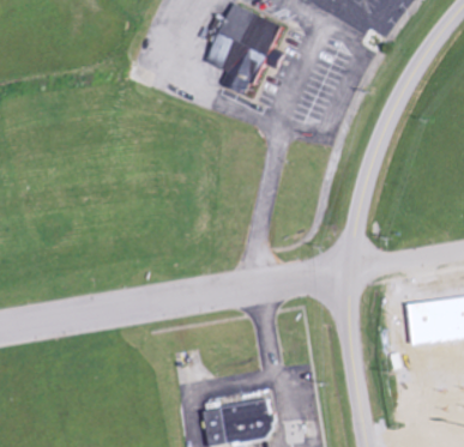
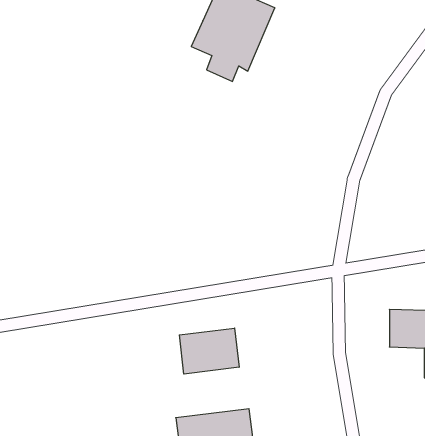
building: none -> [179,328,239,374]

